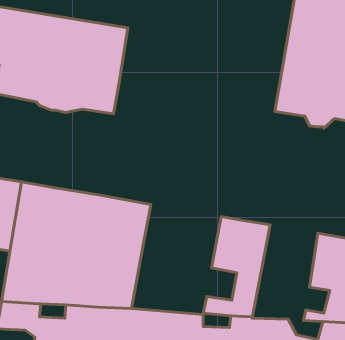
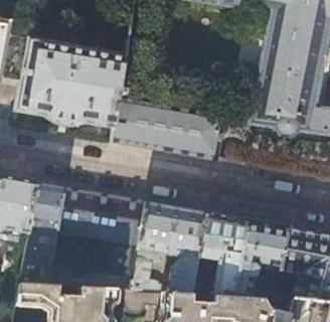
building: none -> [112,98,225,159]
building: none -> [129,202,204,295]
building: none -> [230,219,286,300]

